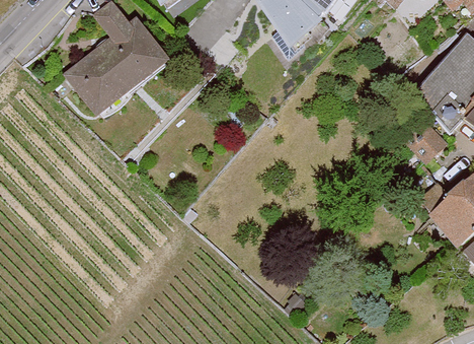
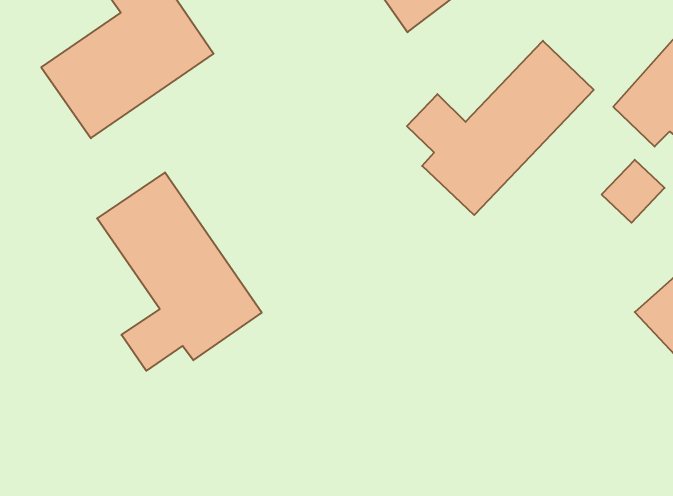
building: none -> [407,41,594,215]
building: none -> [97,172,262,371]

